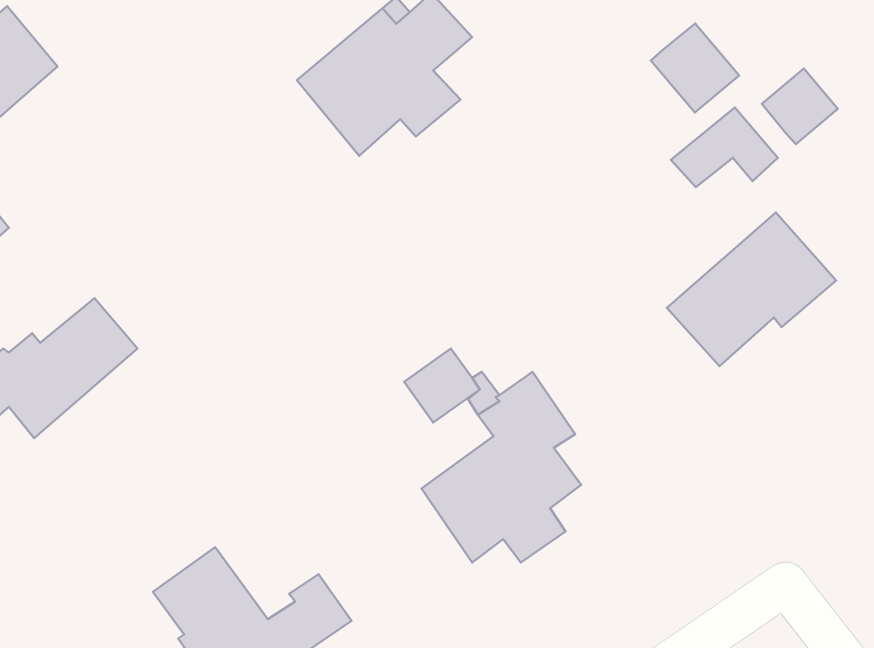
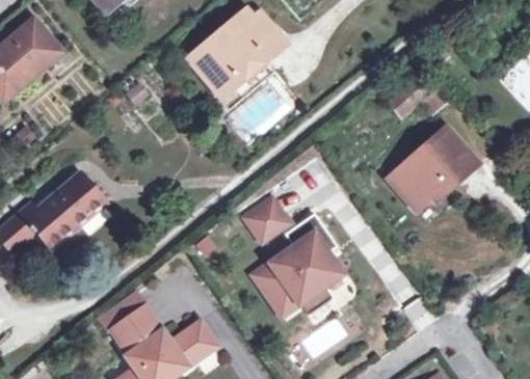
building: [651,23,739,113] -> none
building: [762,68,838,144] -> none

